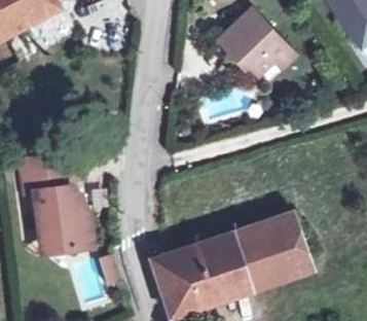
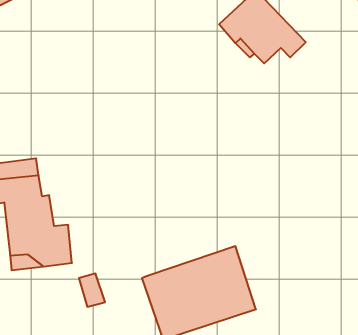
building: [234,214,310,288] -> none

